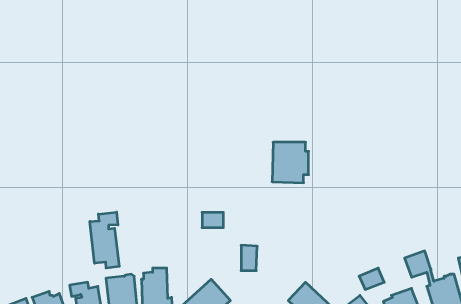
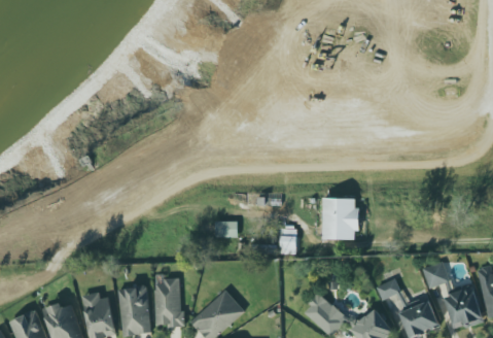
building: [272,142,309,183] -> [322,199,359,240]
building: [90,212,119,268] -> none
building: [241,245,257,271] -> [280,229,296,255]

